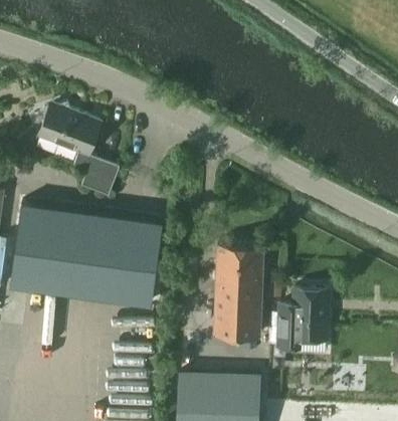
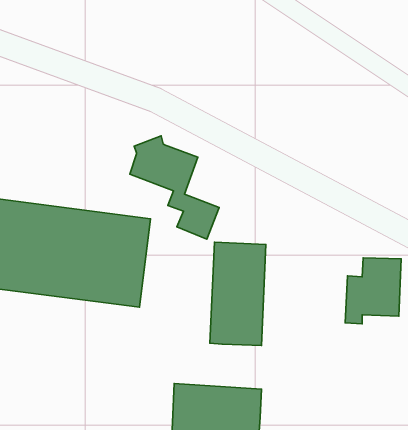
building: [38,107,119,199] -> [130,136,219,239]
building: [277,291,328,351] -> [345,258,401,324]

